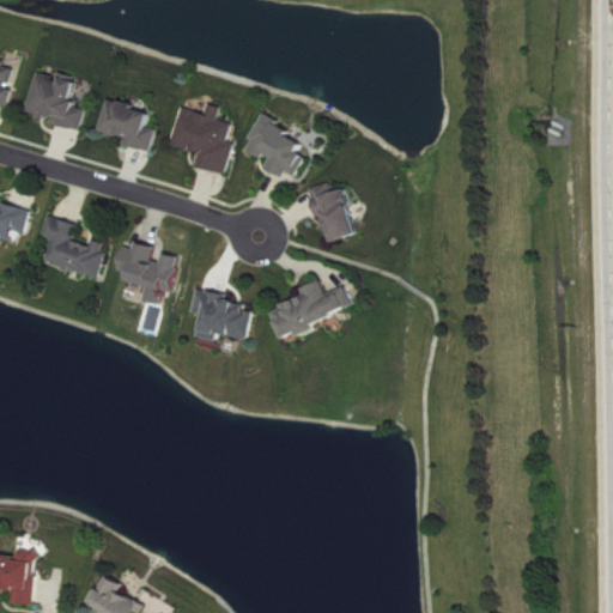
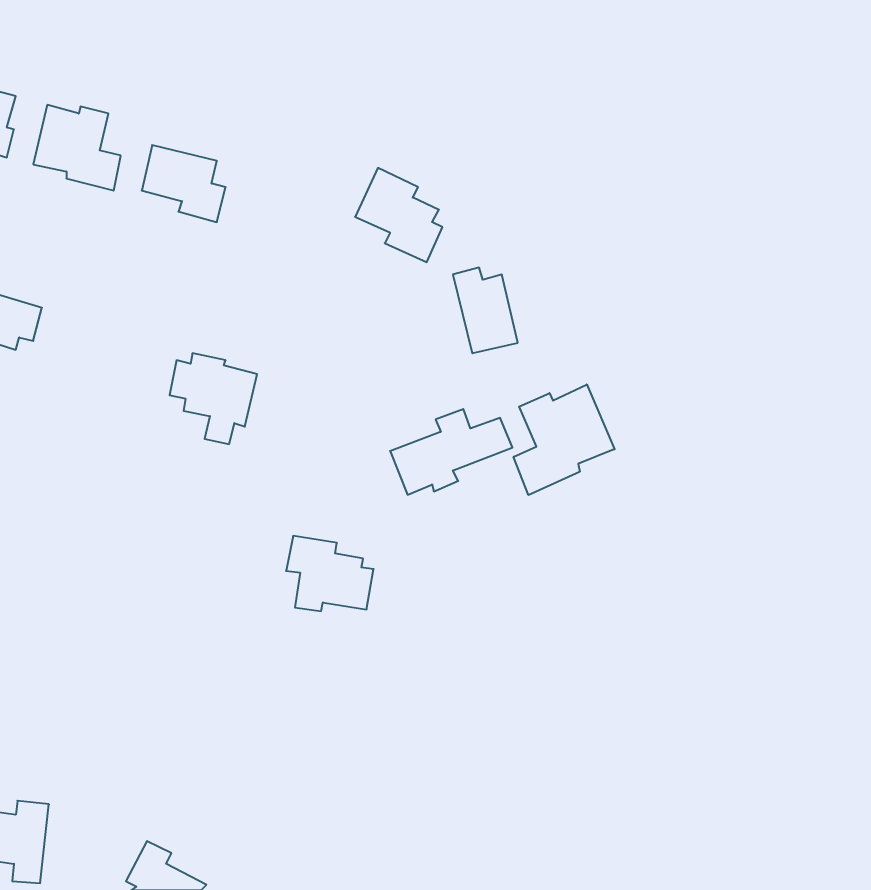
building: [169,103,231,175] -> none
building: [38,216,102,277] -> none
building: none -> [514,384,615,495]
building: [188,289,248,340] -> [286,536,374,611]

